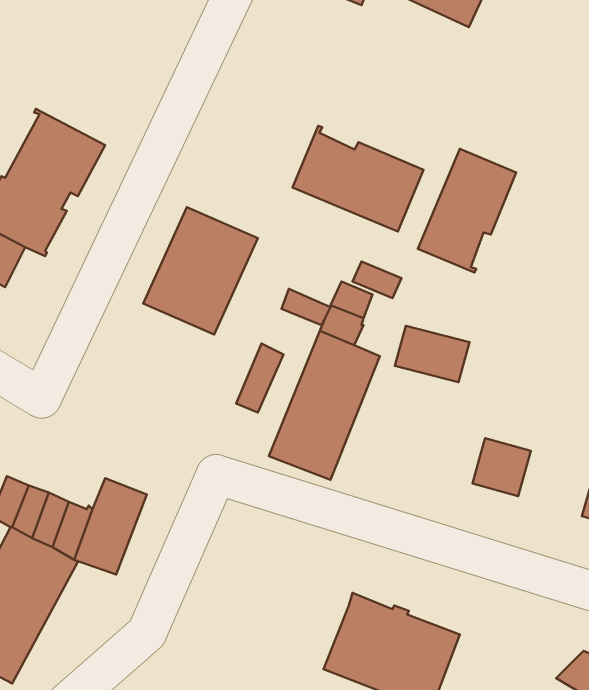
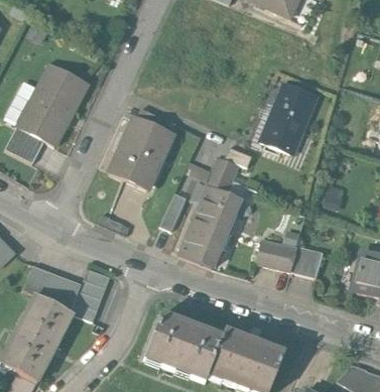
building: [292,126,423,232] -> none
building: [395,326,469,382] -> [256,239,297,270]
building: none -> [146,314,223,380]

